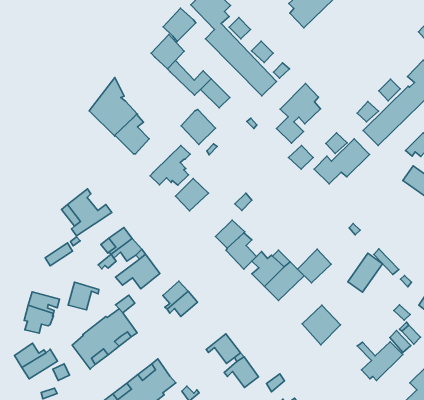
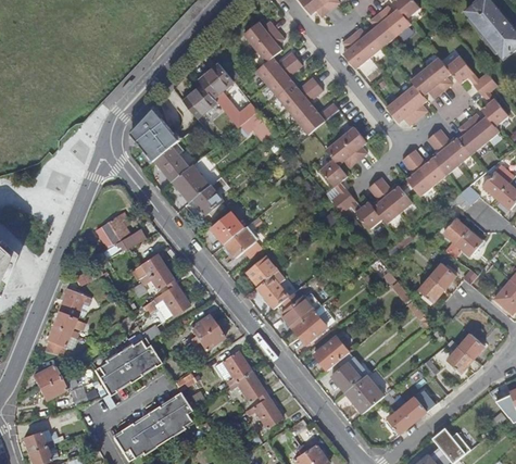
building: none -> [387,55,473,125]
building: [163,8,196,42] -> [183,85,216,118]
building: [181,109,215,145] -> [174,166,209,202]
building: none -> [224,220,259,258]
building: [298,249,331,283] -> [315,336,350,369]
building: [348,253,383,292] -> [419,264,456,303]
building: [68,282,99,310] -> [56,290,89,319]
building: none -> [213,351,250,387]
building: none -> [345,374,385,413]

